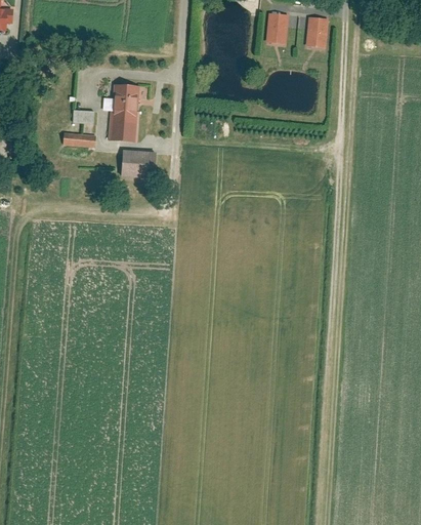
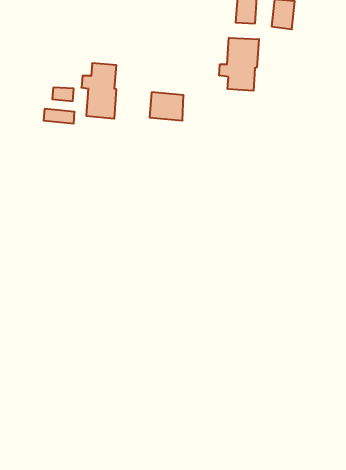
building: none -> [219,38,259,91]
building: [122,150,158,179] -> [150,92,184,120]

